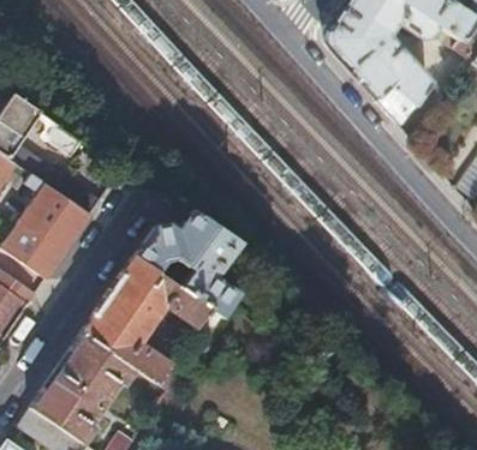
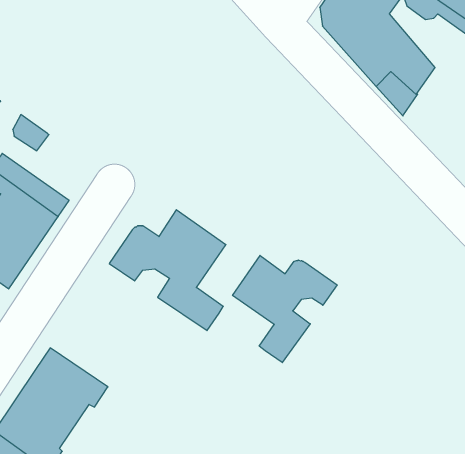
building: none -> [233,255,337,363]
building: [85,256,226,391] -> none

